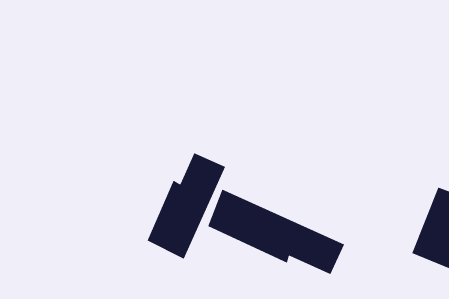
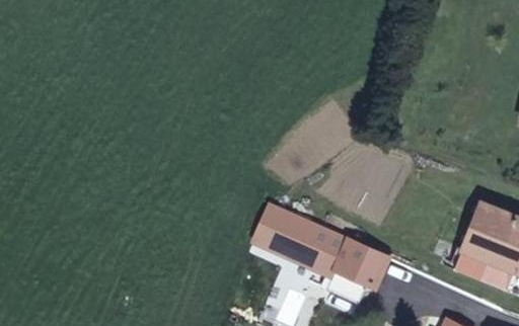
building: [146,152,226,260] -> none

